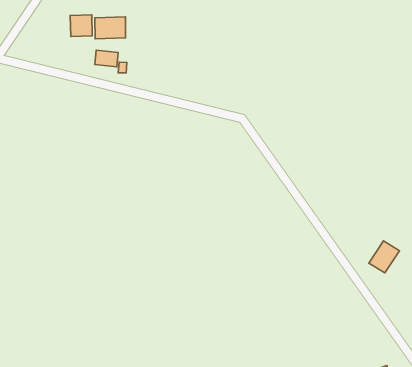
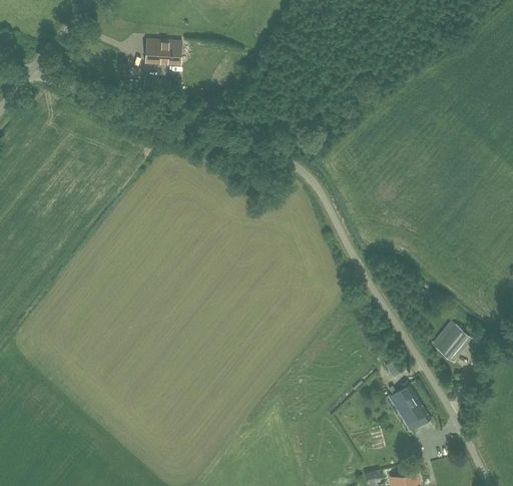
building: [70,15,92,36] -> none
building: none -> [389,384,428,429]

